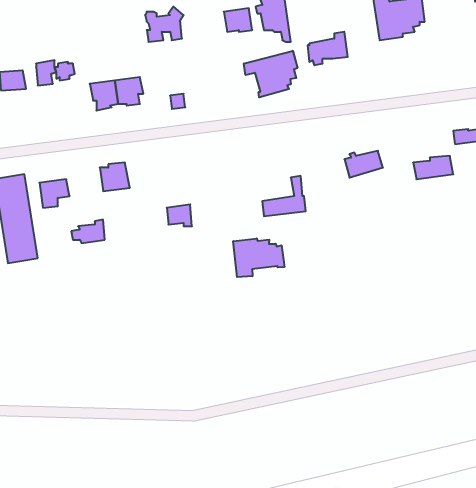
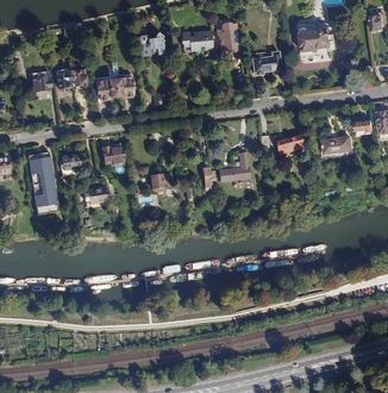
building: [244,51,297,97] -> none
building: [233,238,284,277] -> none

